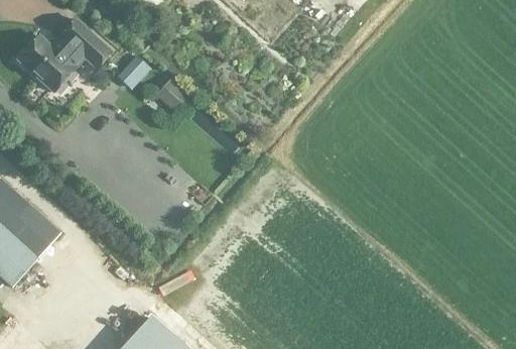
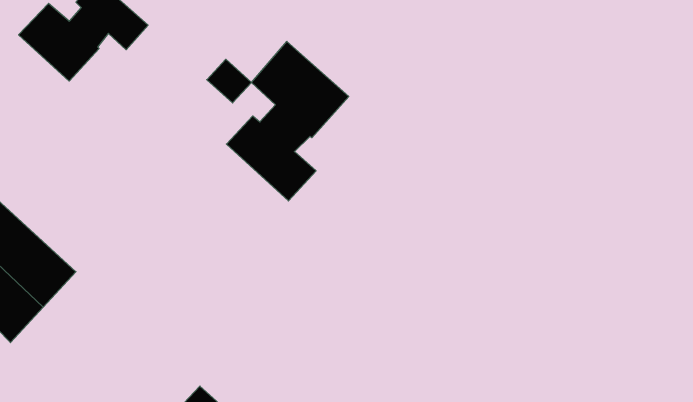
building: [116,53,150,88] -> none
building: none -> [226,41,349,201]

